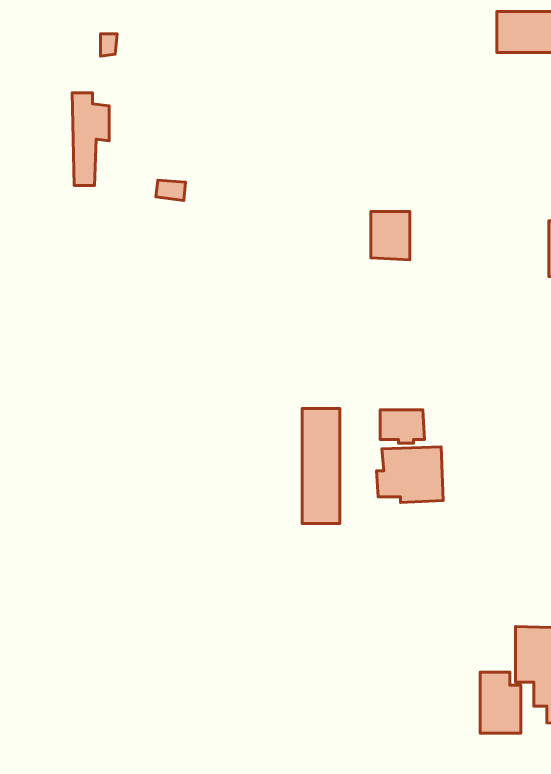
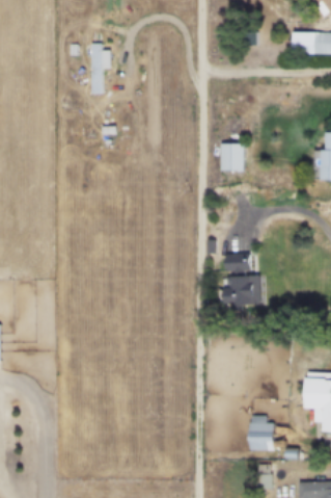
building: [72,93,109,185] -> [91,44,112,96]
building: [302,408,340,524] -> none
building: [480,672,521,733] -> [249,416,272,450]

